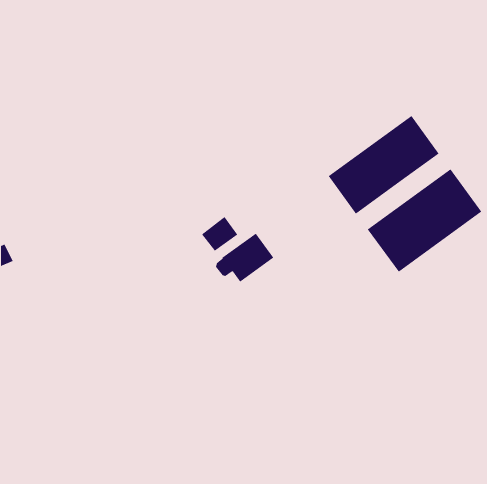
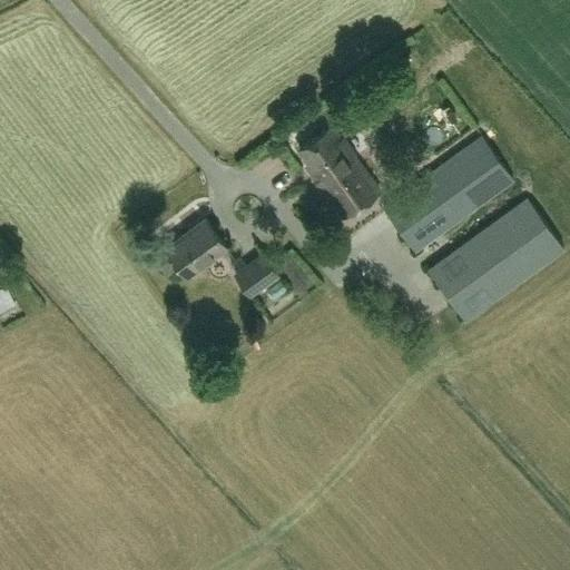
building: none -> [299,128,380,219]
building: [215,233,274,282] -> [158,222,227,279]

